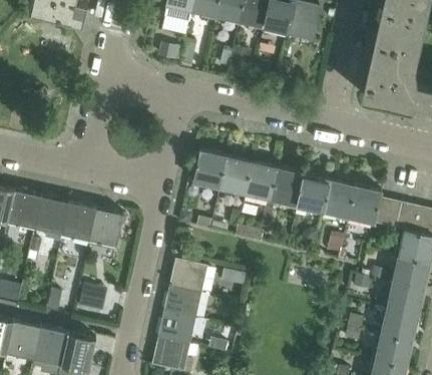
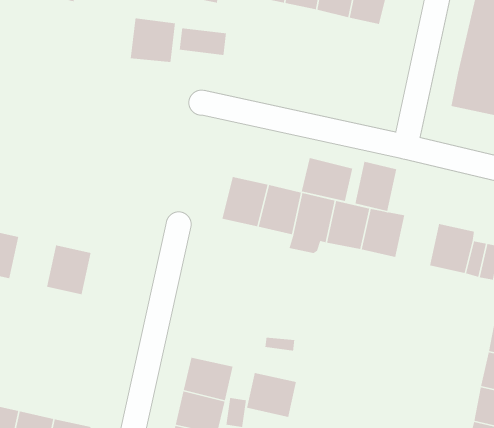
building: none -> [130,17,176,63]
building: none -> [301,157,353,202]
building: [323,180,355,219] -> [354,161,397,212]
building: [34,197,68,243] -> none
building: [88,209,123,248] -> none
building: [169,260,207,294] -> [246,372,297,418]
building: [78,288,108,318] -> none

